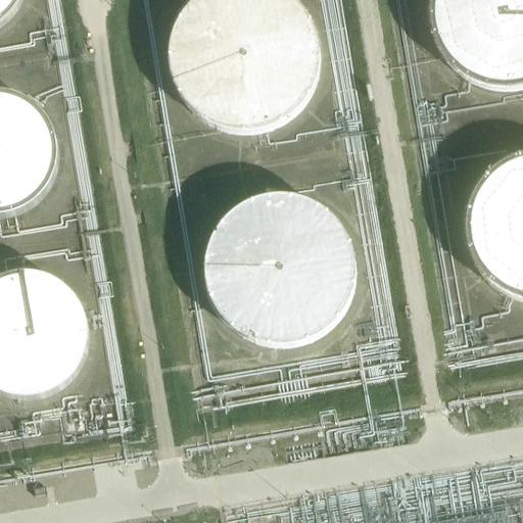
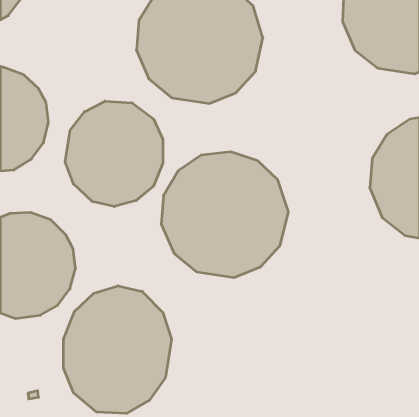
building: none -> [65,101,163,207]
building: none -> [63,286,171,413]

